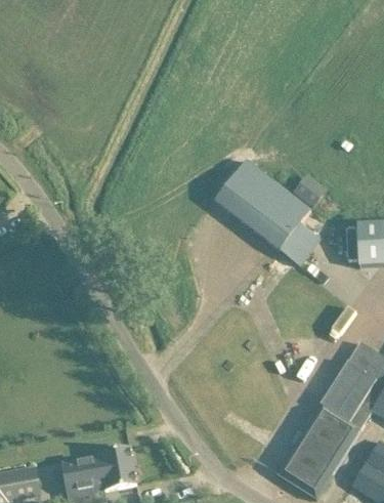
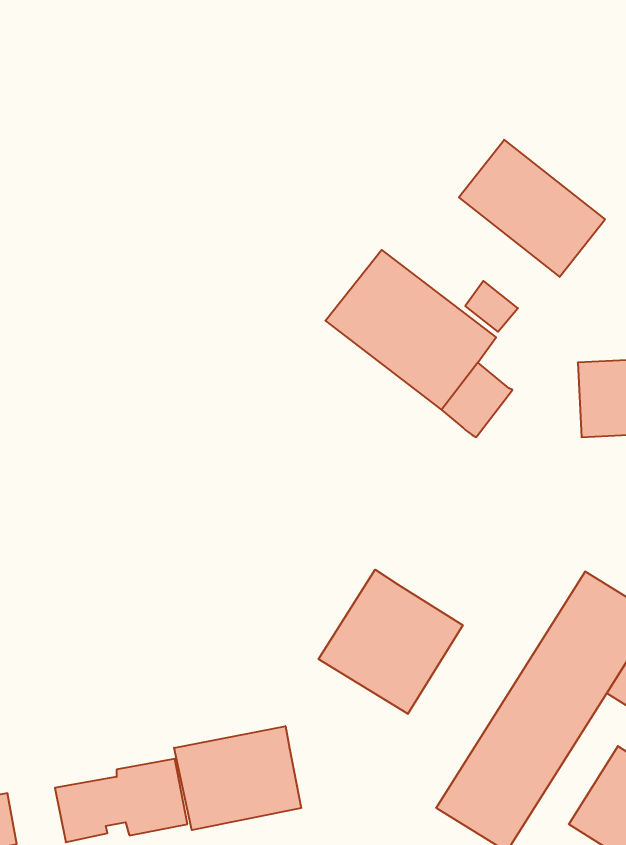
building: none -> [459,140,605,277]
building: none -> [319,570,463,714]
building: none -> [174,726,301,830]

